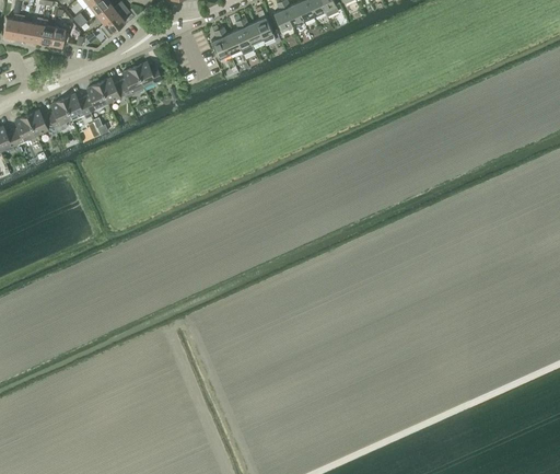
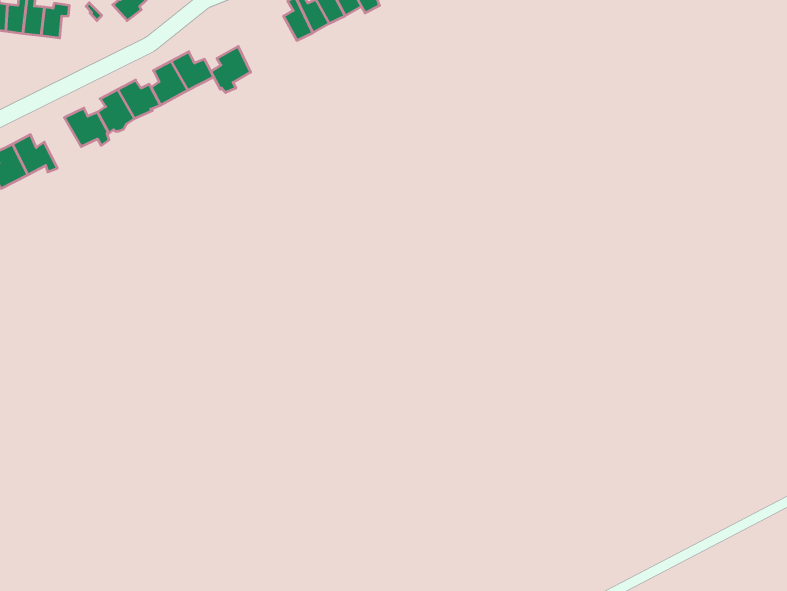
building: none -> [211,46,251,93]
building: [48,100,72,132] -> none

